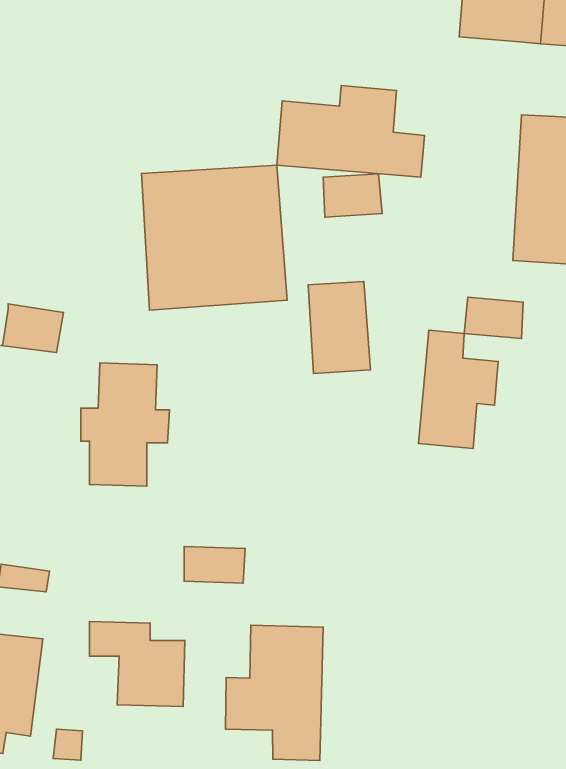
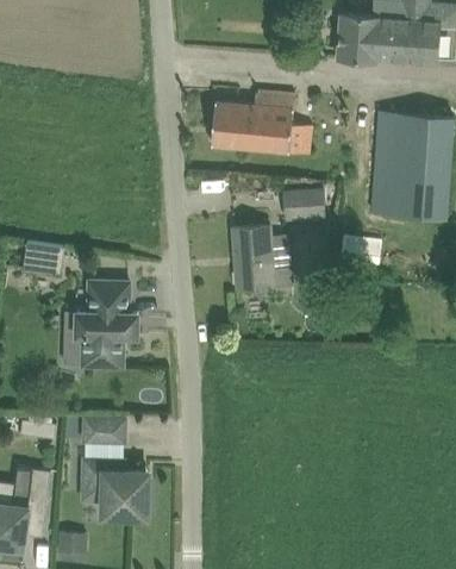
building: [141,165,287,310] -> none
building: [323,174,382,217] -> [283,190,324,220]
building: [419,330,498,449] -> none
building: [184,547,245,583] -> [83,419,125,444]
building: [225,625,323,761] -> none

